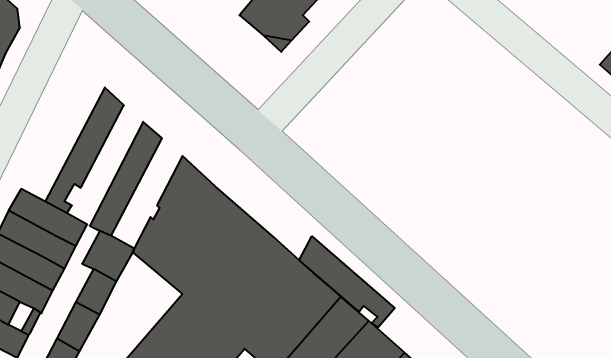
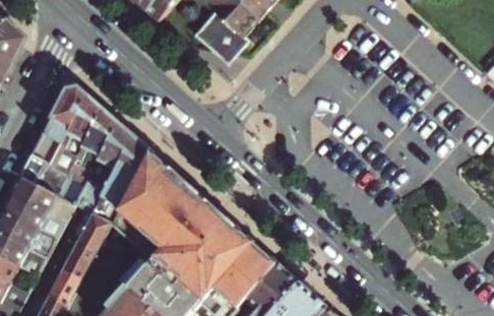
building: none -> [20,85,87,185]
building: none -> [57,108,118,204]
building: none -> [92,134,149,223]
building: [299,236,395,328] -> none

